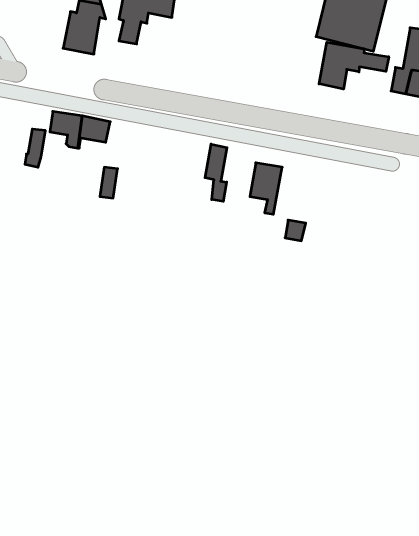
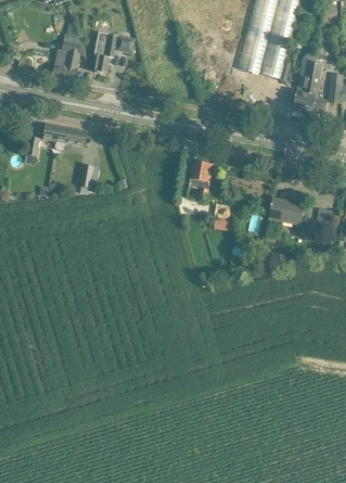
building: [319,42,389,89] -> none
building: [205,144,227,201] -> none
building: none -> [269,198,305,225]

